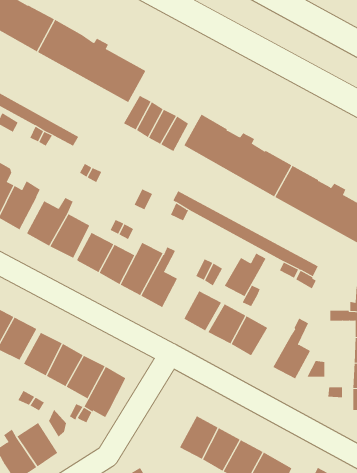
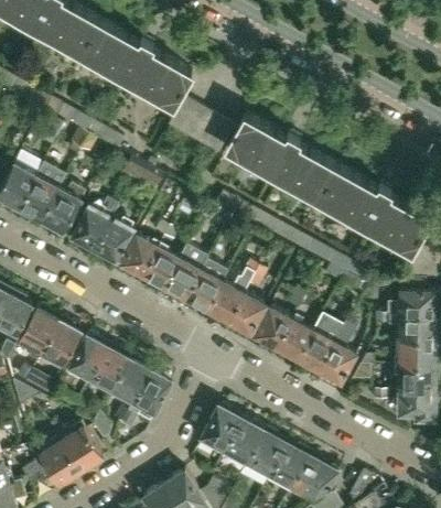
building: [224,253,267,297] -> [295,327,338,371]
building: none -> [206,282,243,323]
building: none -> [201,408,240,452]

